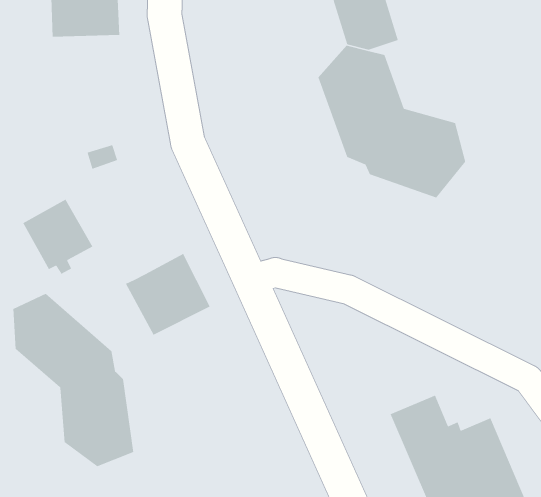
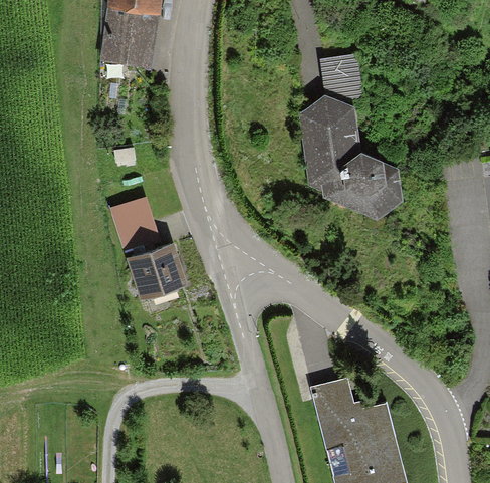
building: [22,199,94,275] -> [109,194,161,251]
building: [12,293,134,467] -> none

